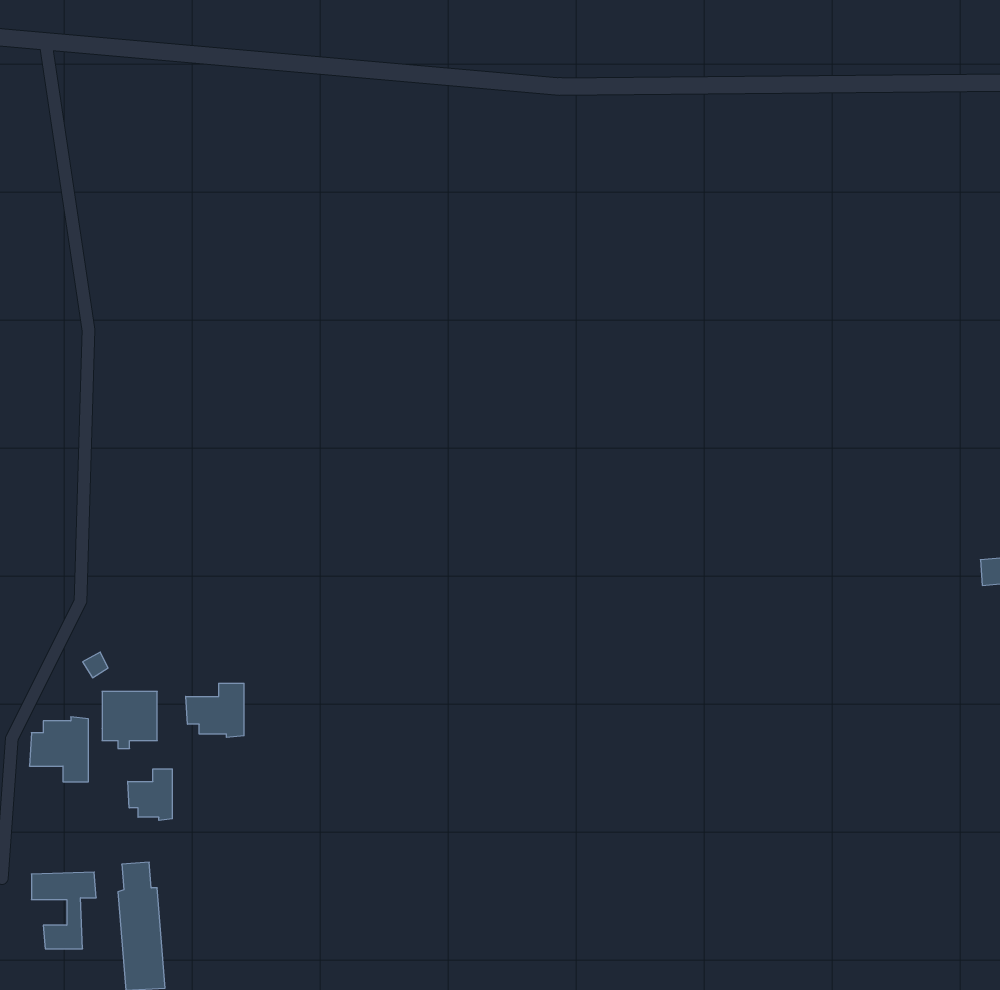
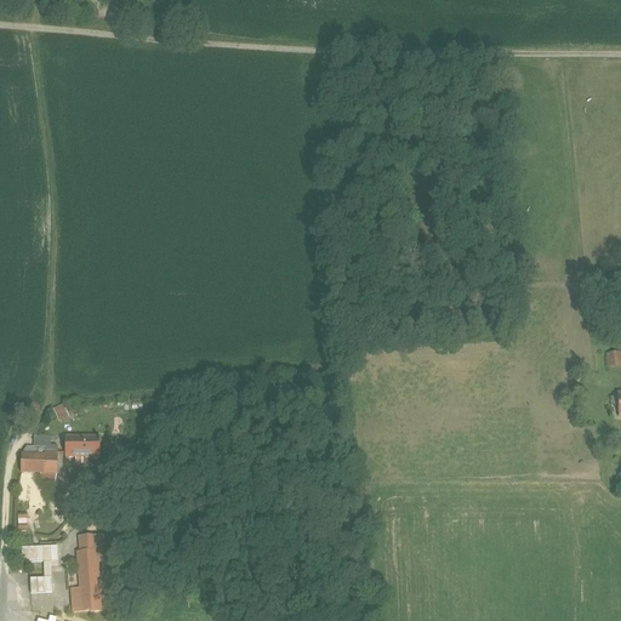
building: [186,683,244,737] -> none
building: [128,769,172,820] -> none

